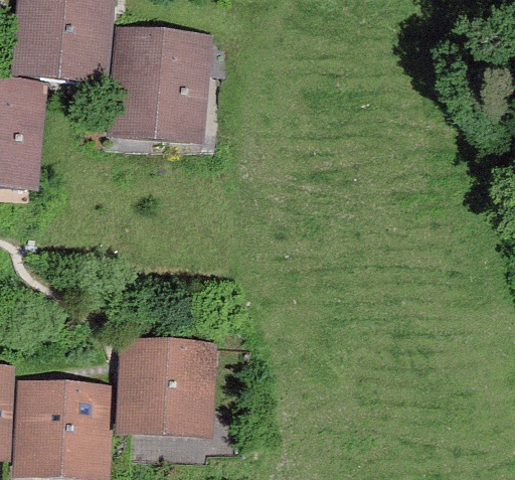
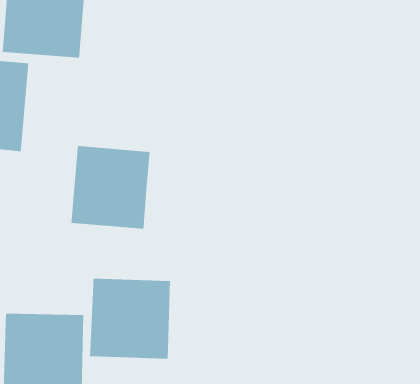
building: [110,30,211,144] -> none
building: none -> [71,145,150,230]

